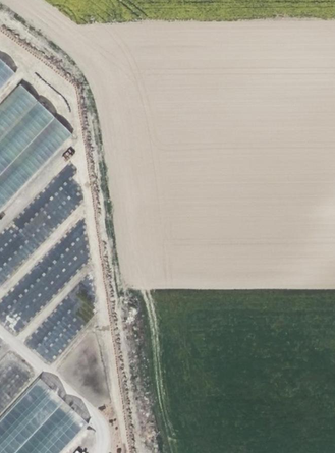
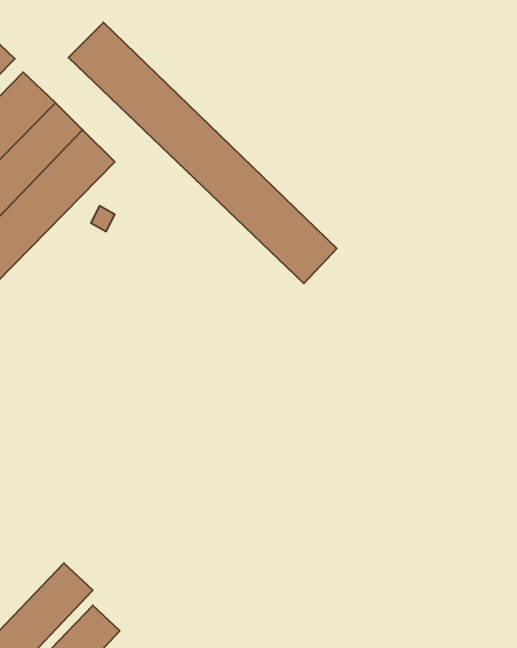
building: none -> [68,22,337,283]

